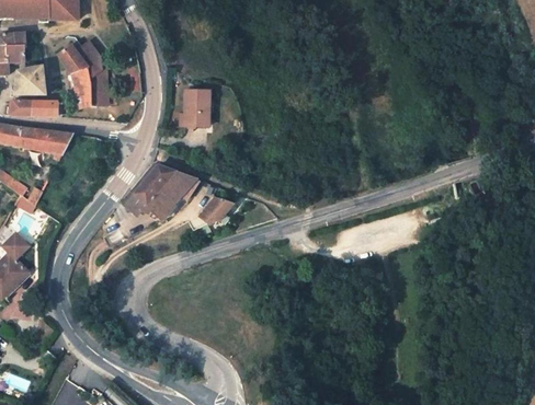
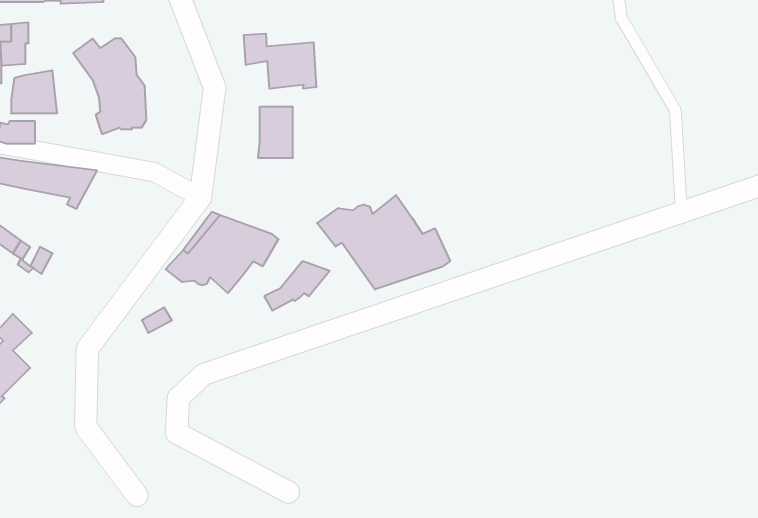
building: none -> [244,34,316,89]
building: [31,101,58,116] -> none
building: none -> [317,195,450,290]

